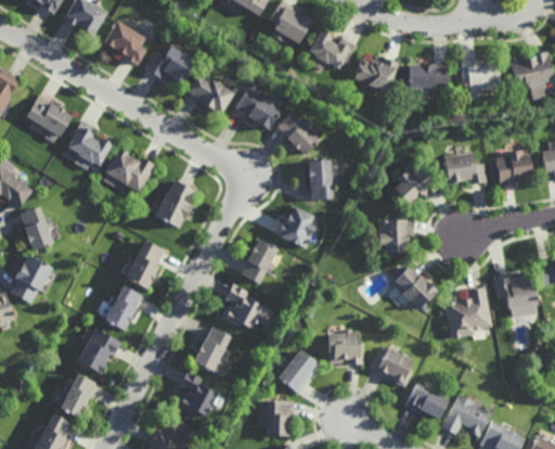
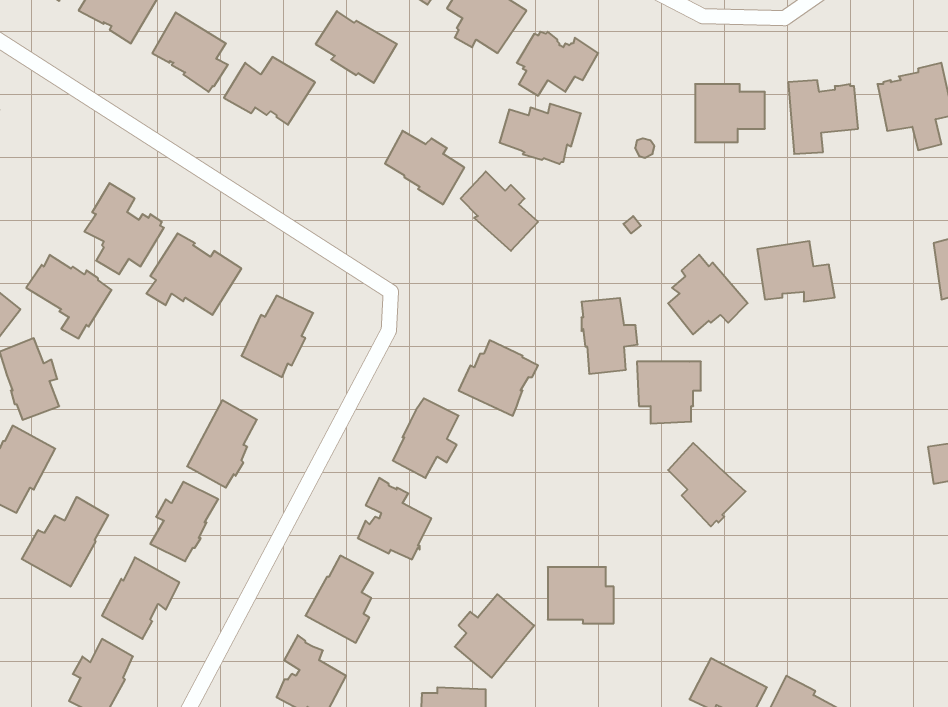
building: [353,56,399,90] -> [499,104,581,164]
building: [189,74,234,114] -> [316,11,397,83]
building: [25,94,73,141] -> [26,255,112,338]
building: [495,150,532,188] -> none
building: [307,158,338,201] -> [581,298,638,374]
building: [494,278,535,317] -> none
building: [444,287,491,338] -> none
building: none -> [22,497,108,587]
building: [371,347,413,387] -> none

